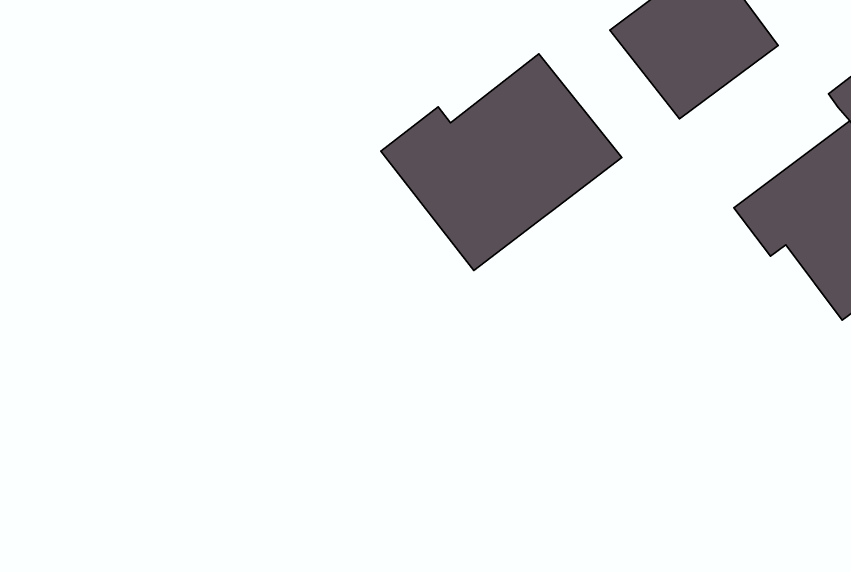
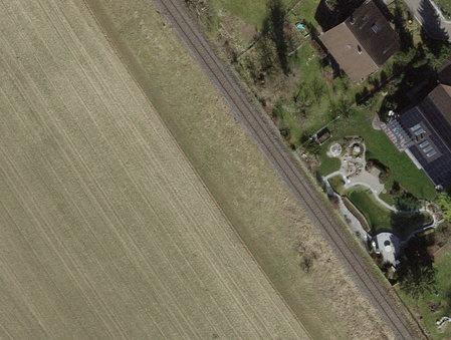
building: [381,54,622,270] -> none

